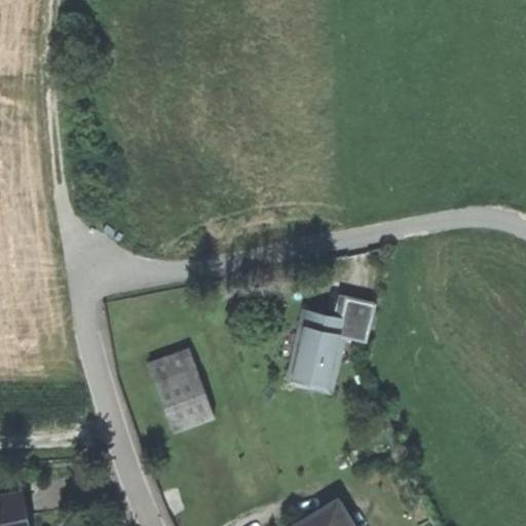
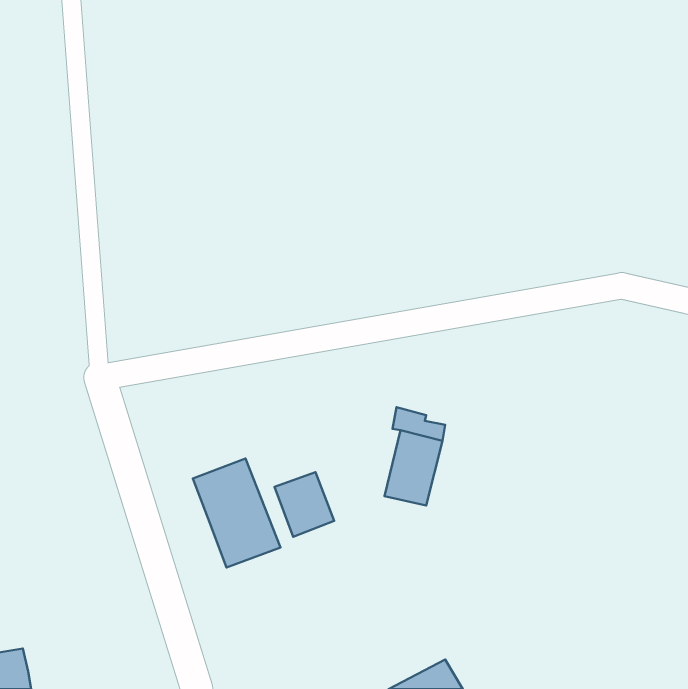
building: [337,296,375,342] -> none
building: none -> [274,472,334,537]

